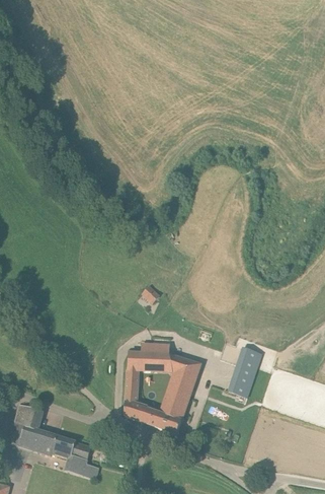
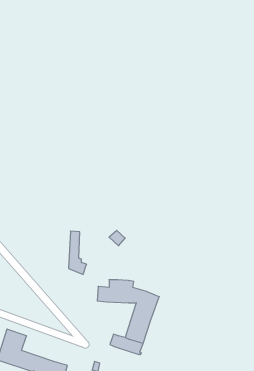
building: [227,346,261,396] -> none
building: [125,369,146,421] -> [69,231,87,274]

